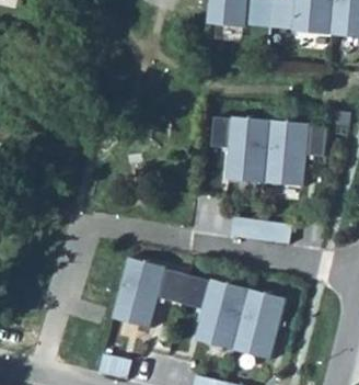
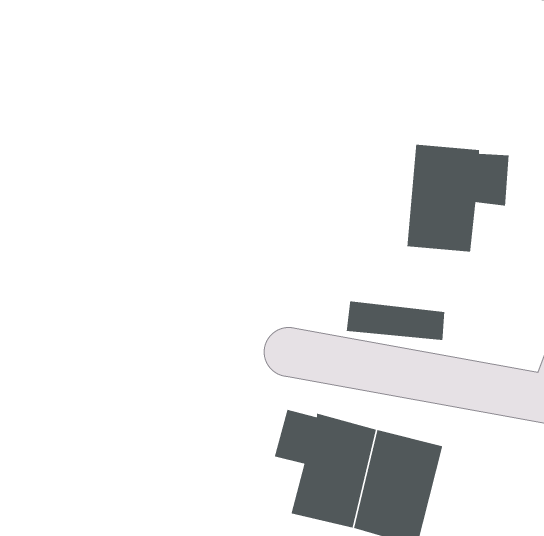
building: [210,115,269,180] -> none
building: [112,258,182,327] -> none

